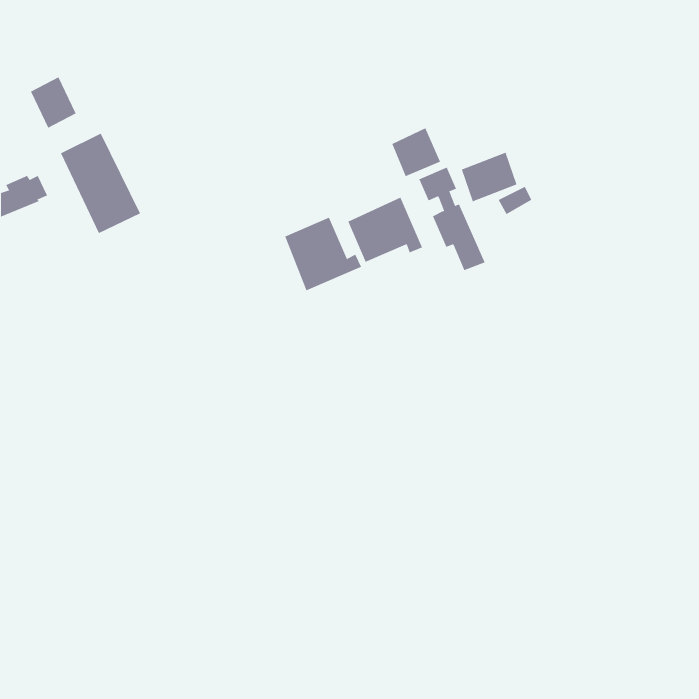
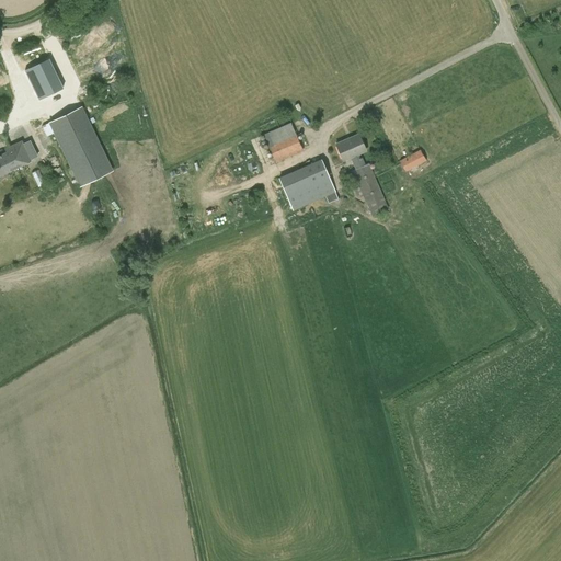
building: [392,128,441,177] -> [263,122,302,161]
building: [461,152,517,202] -> none
building: [284,217,362,291] -> none

